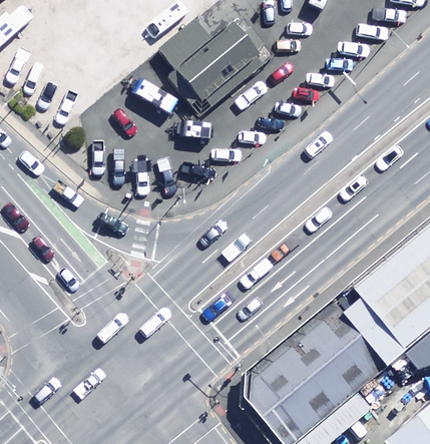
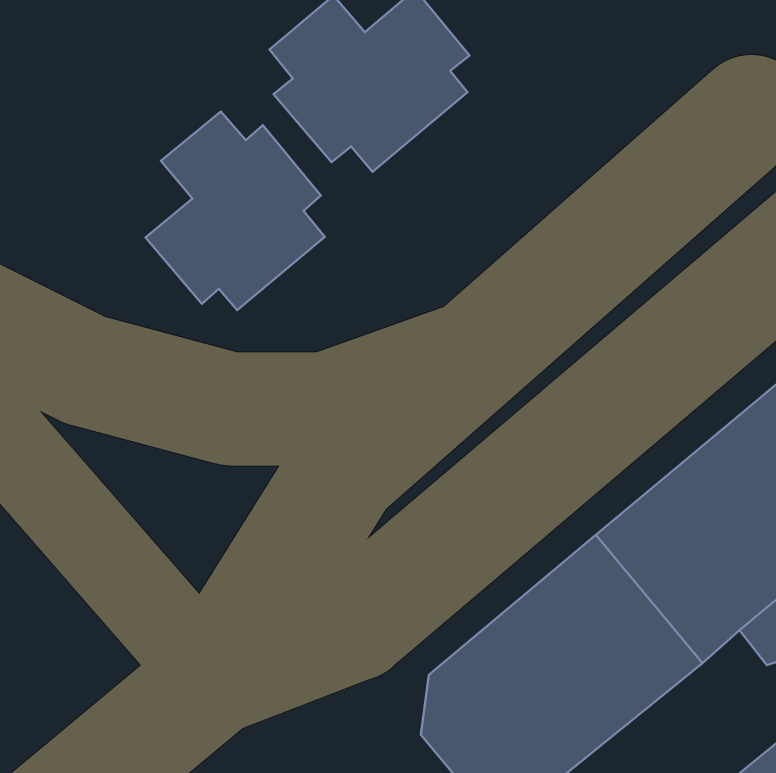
building: none -> [145,112,325,310]

